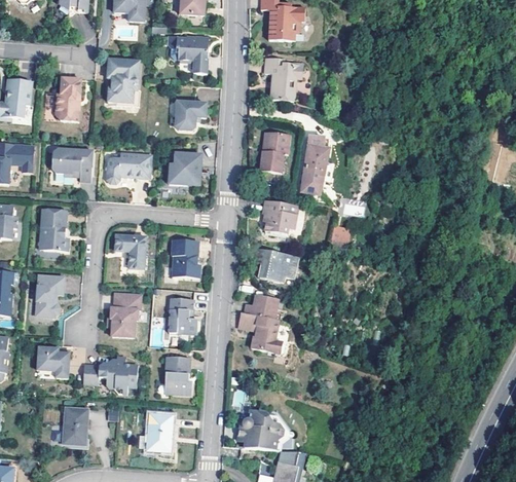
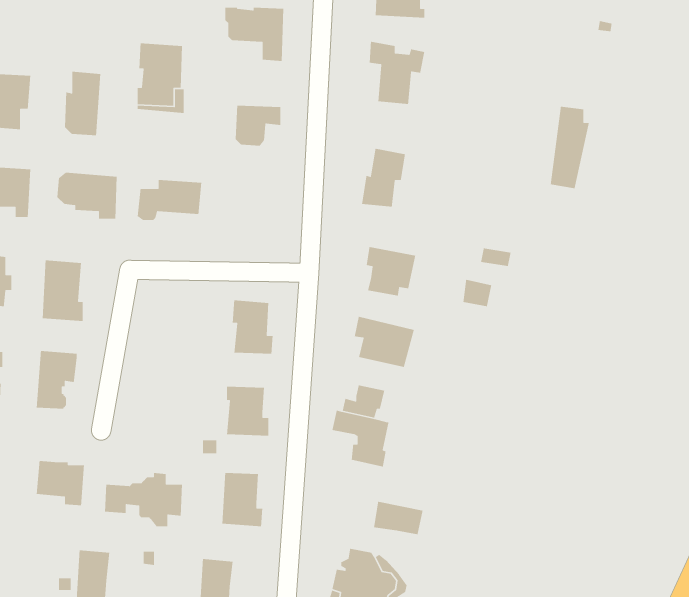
building: [301,137,329,194] -> [550,106,590,189]
building: [168,153,201,184] -> none
building: [113,235,145,270] -> none
building: [110,293,141,337] -> none
building: none -> [373,501,424,535]

